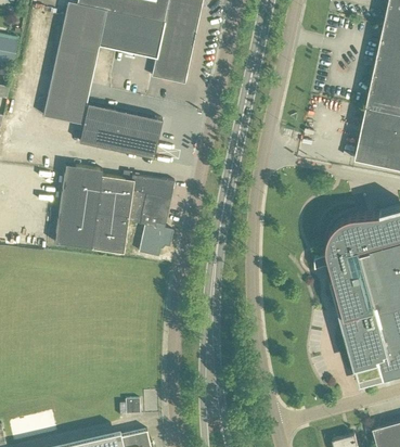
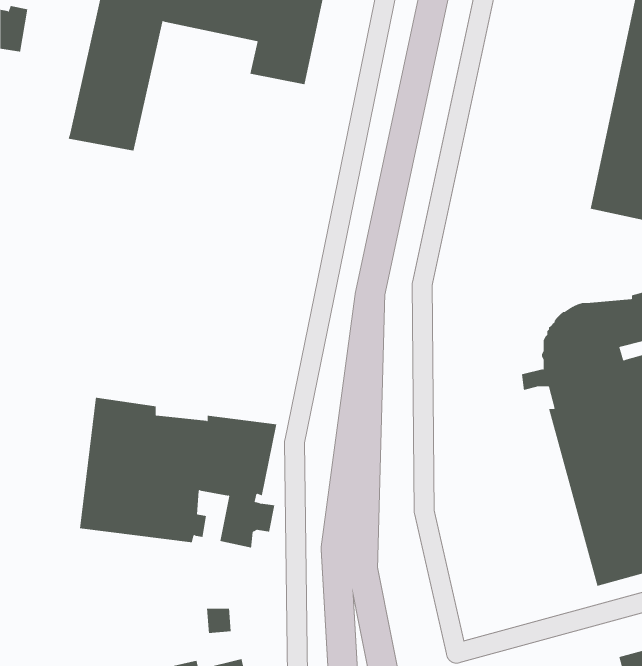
building: [81,102,163,158] -> none
building: [54,166,173,257] -> [79,397,277,548]

